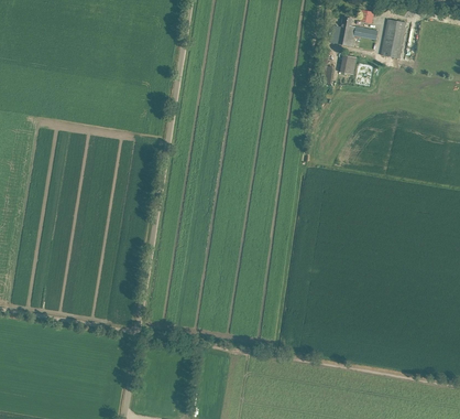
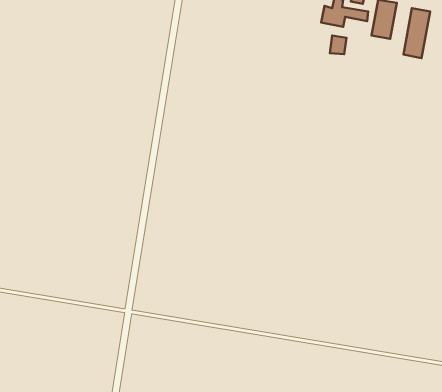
building: none -> [404,8,430,58]

